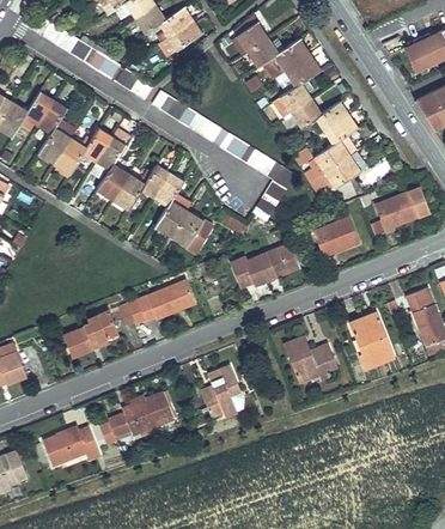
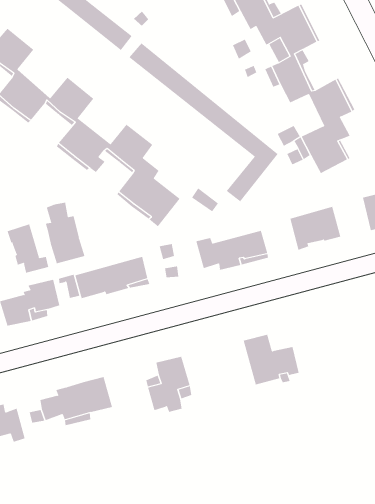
building: none -> [45,202,85,264]
building: none -> [7,223,49,274]
building: [349,311,394,367] -> none

